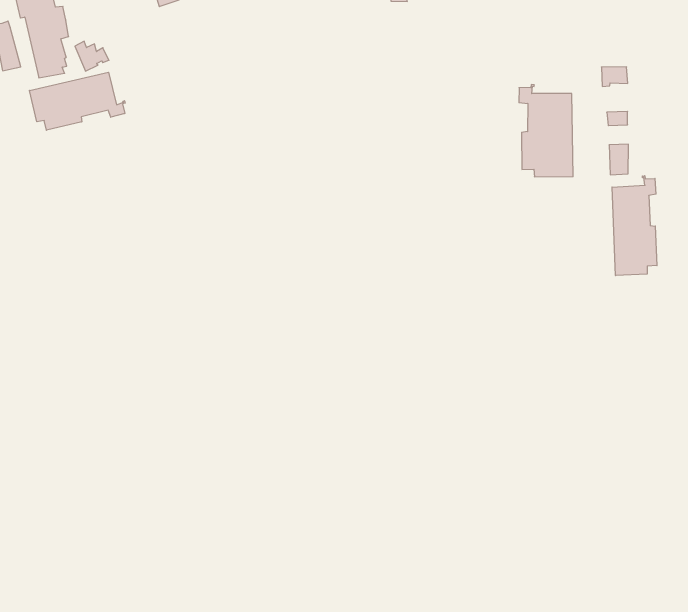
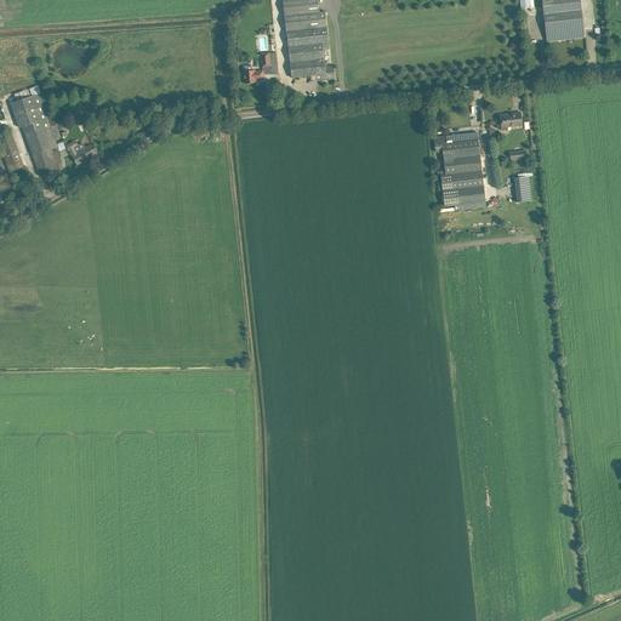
building: [29,72,125,130] -> none
building: [612,176,657,276] -> none

